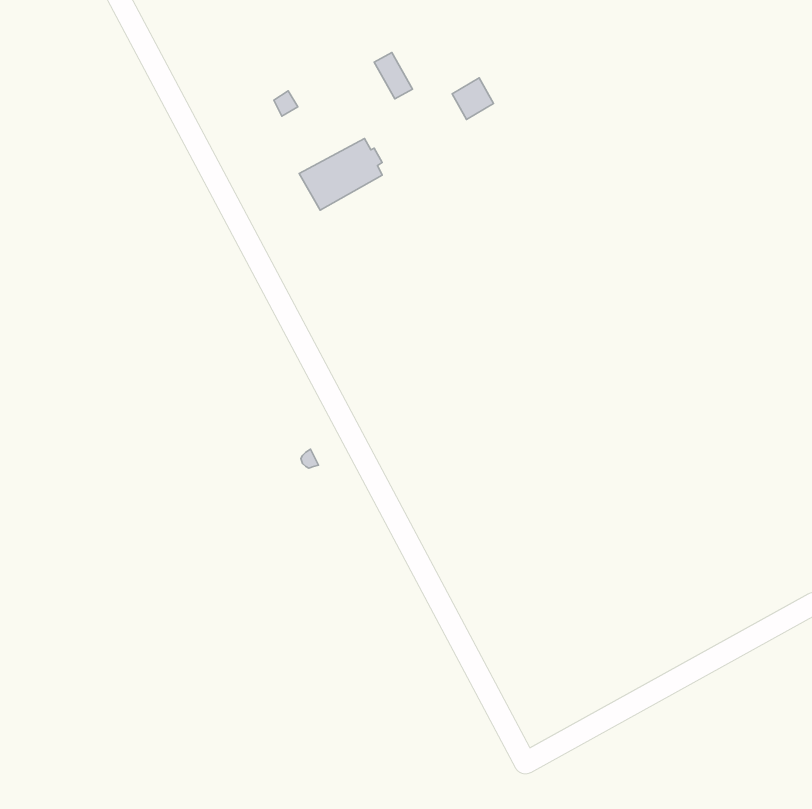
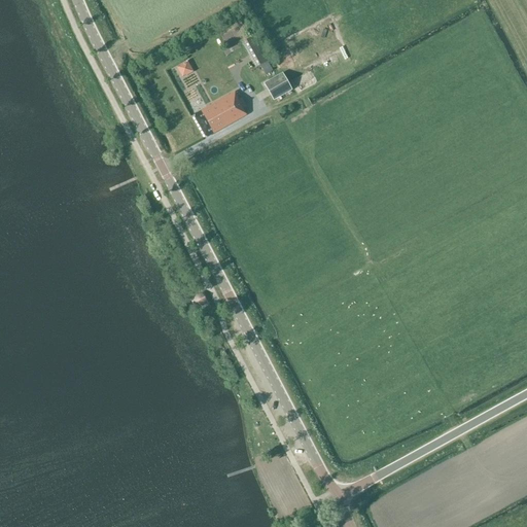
building: [452,78,494,119] -> [266,71,292,98]

